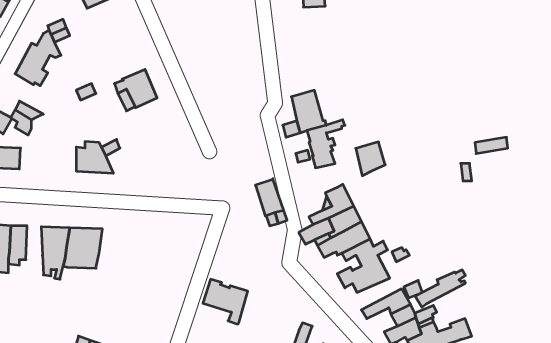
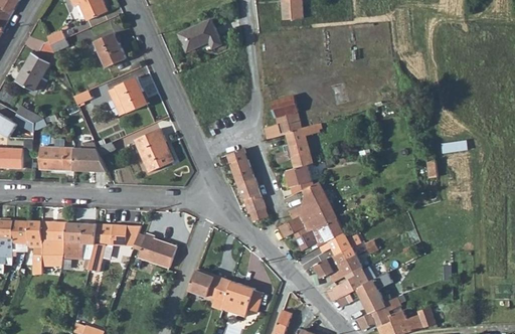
building: none -> [178,19,221,51]
building: none -> [94,32,126,66]
building: none -> [135,129,172,171]
building: [356,142,385,176] -> [287,164,314,195]
building: none -> [39,147,73,170]
building: none -> [228,149,253,183]
building: none -> [27,220,43,275]
building: none -> [89,223,143,273]
building: none -> [139,233,176,267]
building: [415,270,465,307] -> [326,267,372,301]
building: none -> [223,281,265,317]

